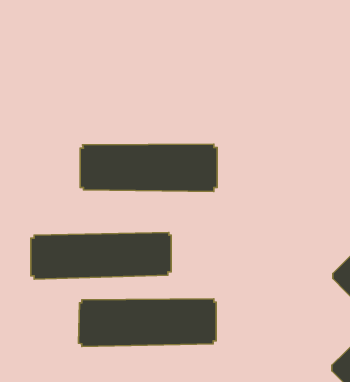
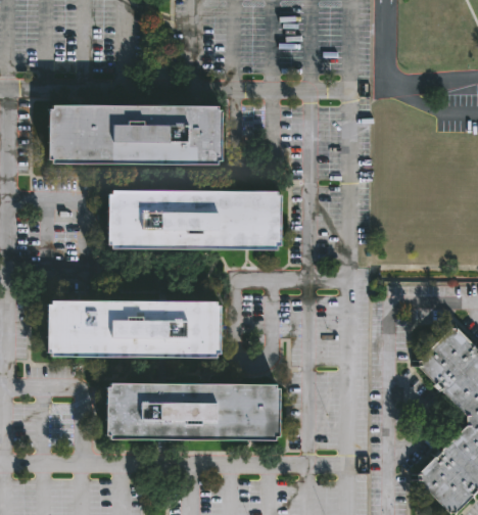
building: none -> [49,103,224,166]

